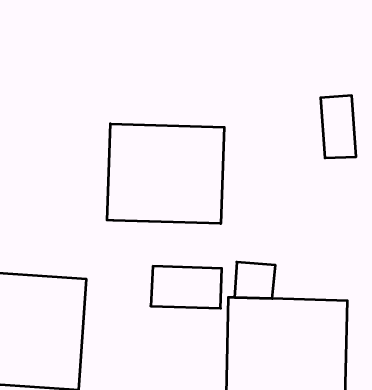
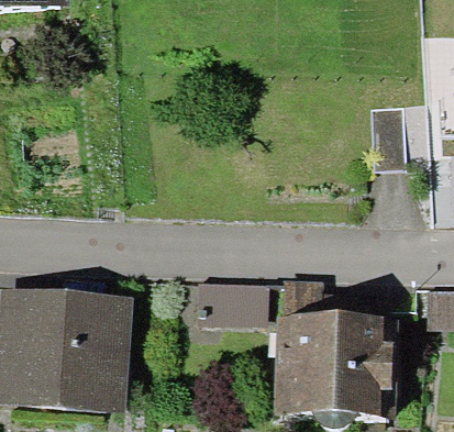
building: [107,124,224,224] -> none

